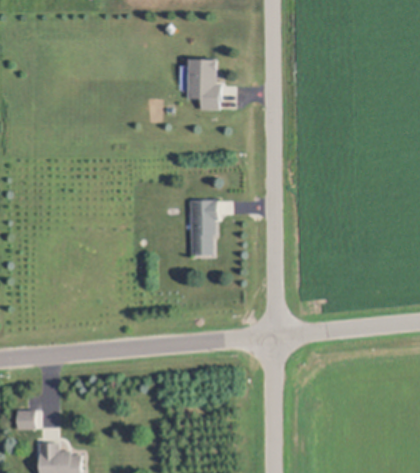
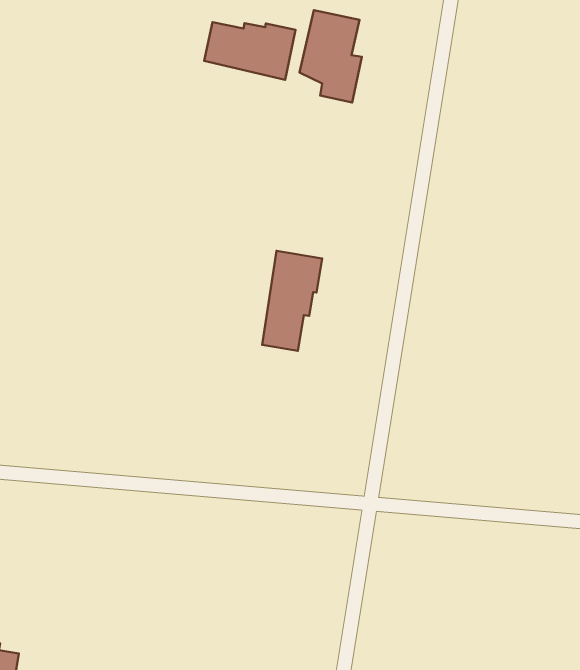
building: none -> [204,22,295,80]

